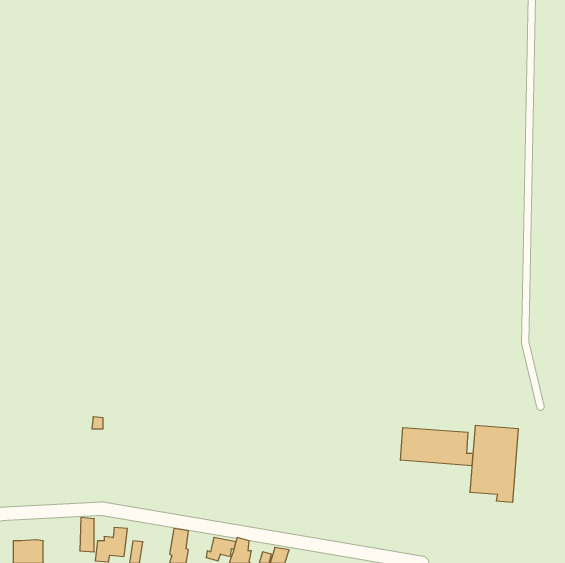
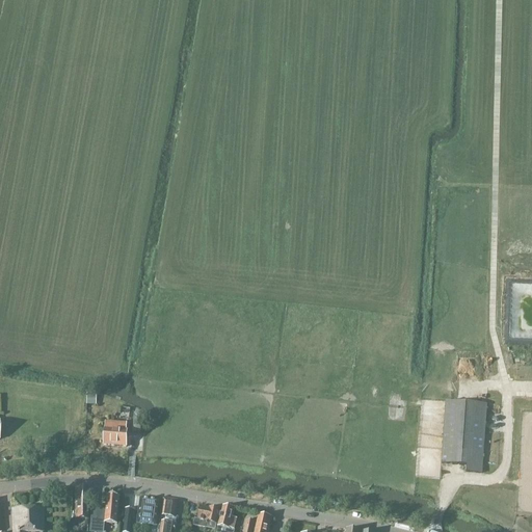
building: [400,428,473,466] -> none
building: none -> [104,421,128,445]
building: none -> [138,497,161,524]

